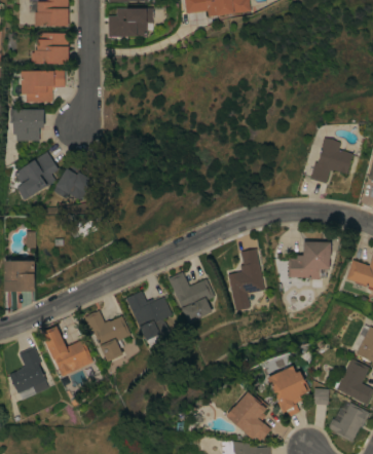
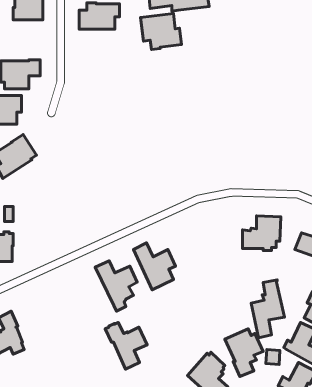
building: none -> [140,13,182,50]
building: [31,33,69,64] -> none
building: [310,138,352,183] -> none
building: [52,167,92,200] -> none
building: [227,249,264,312] -> [251,280,285,338]
building: [84,310,130,362] -> [105,322,147,369]
building: [42,326,92,376] -> none

